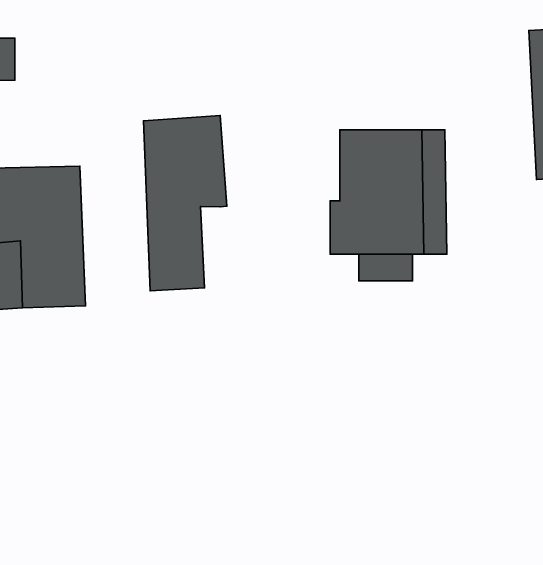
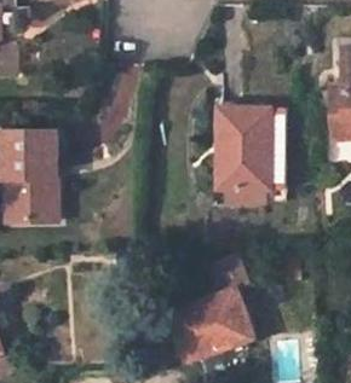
building: [143,116,227,291] -> none
building: none -> [167,250,253,361]

